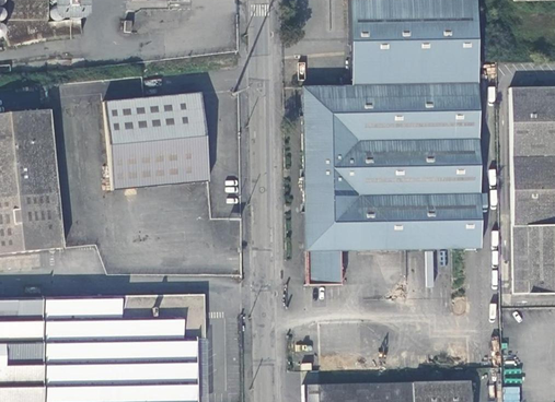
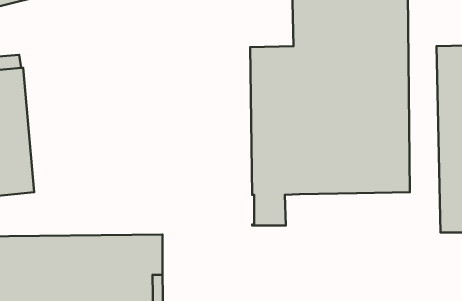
building: [105,93,209,190] -> none

